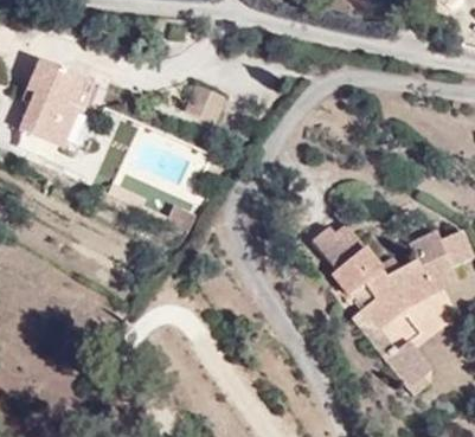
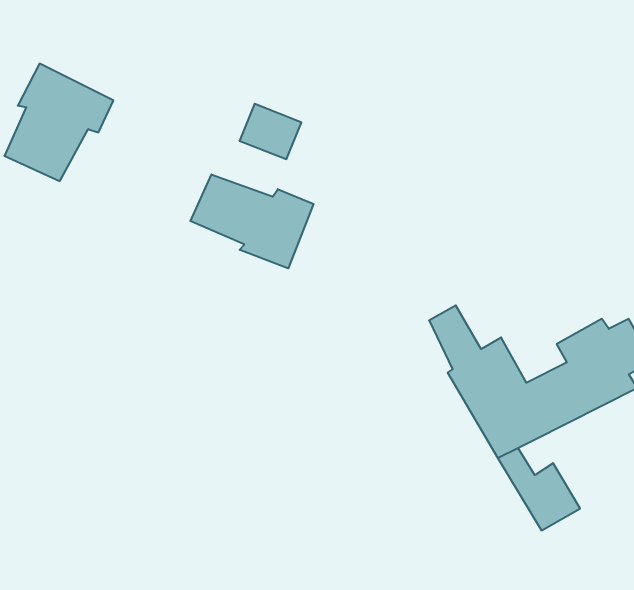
building: none -> [190,174,314,268]

